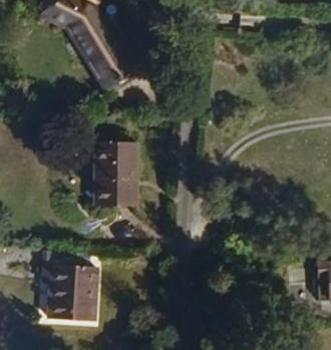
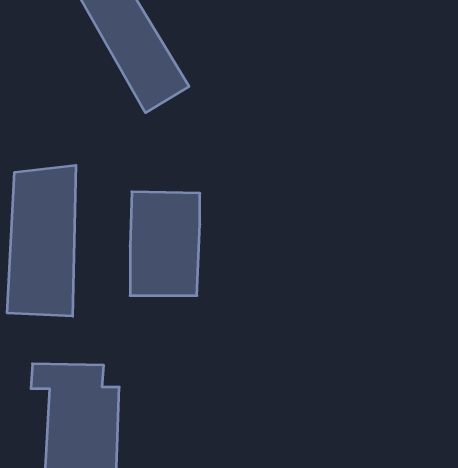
building: none -> [7,165,76,316]

